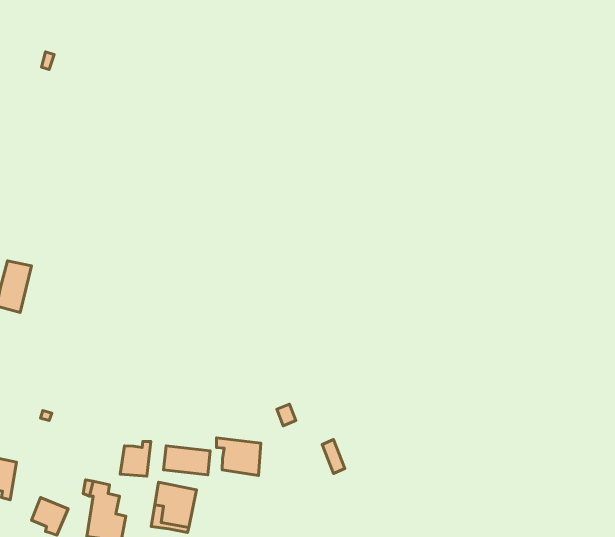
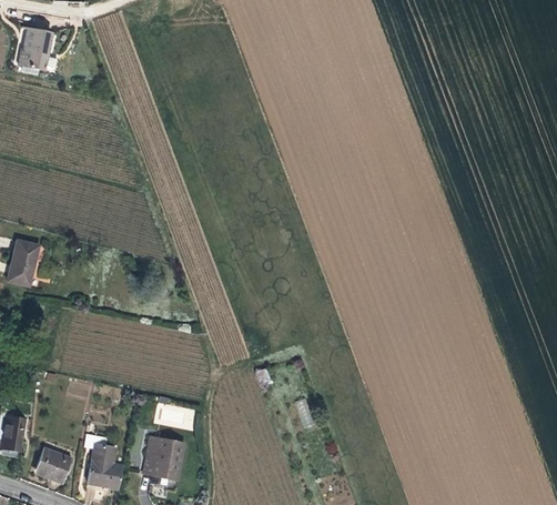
building: none -> [18,28,52,70]
building: [217,438,261,476] -> none
building: [120,442,151,476] -> none

